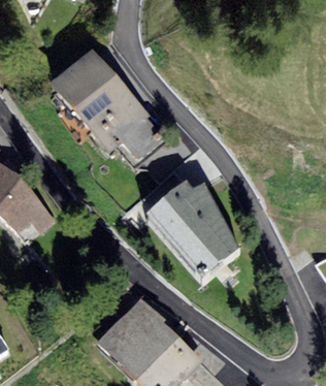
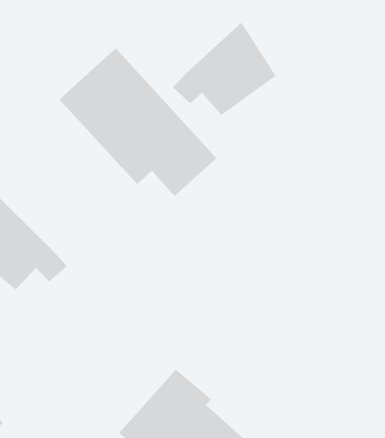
building: none -> [172,22,277,116]
building: [146,179,239,282] -> none

